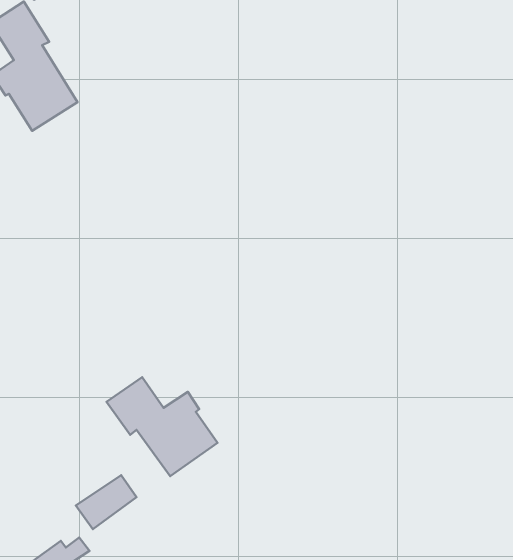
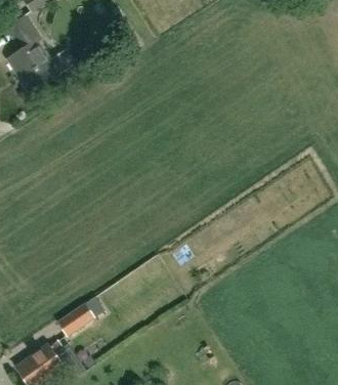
building: [106,377,217,476] -> none

